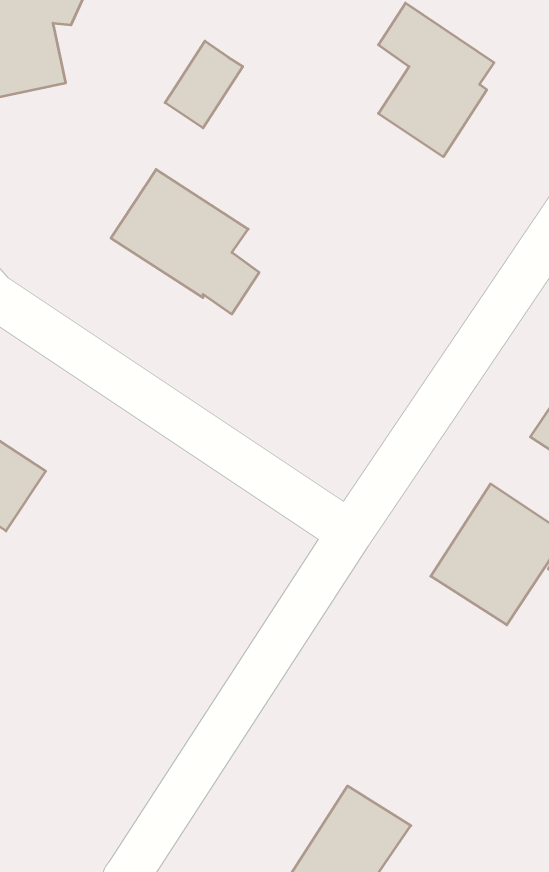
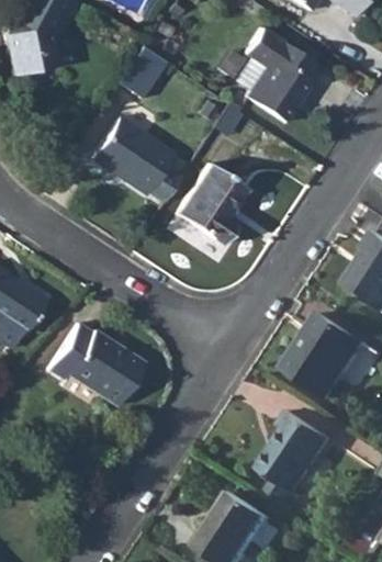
building: none -> [172,168,241,249]
building: none -> [45,328,143,413]
building: none -> [254,409,326,510]

